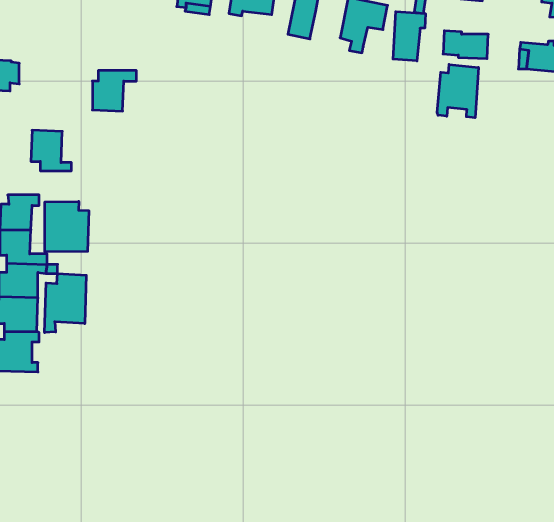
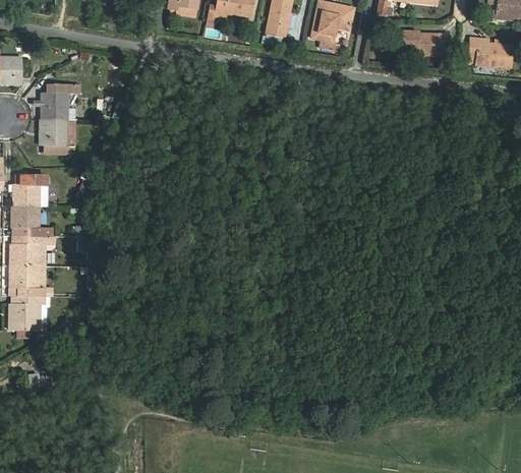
building: [393,12,425,61] -> none
building: [437,64,478,118] -> none
building: [92,71,136,111] -> [41,83,79,119]
building: [45,201,89,252] -> none
building: [45,274,86,333] -> none

